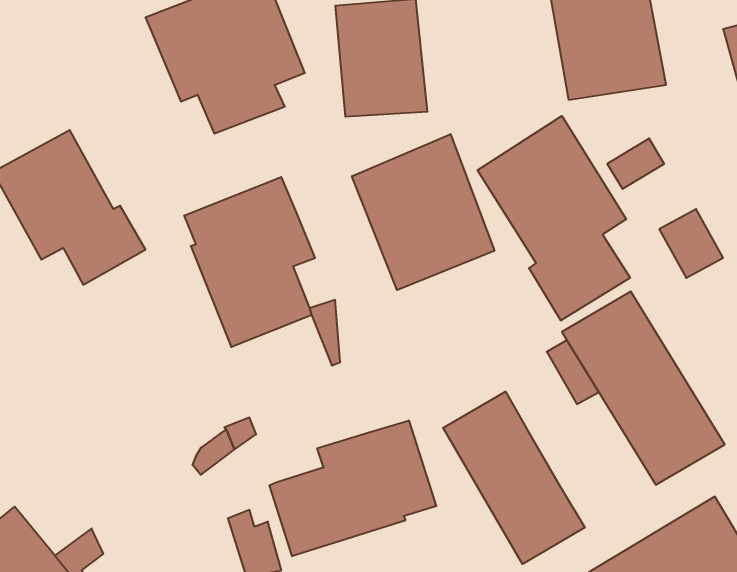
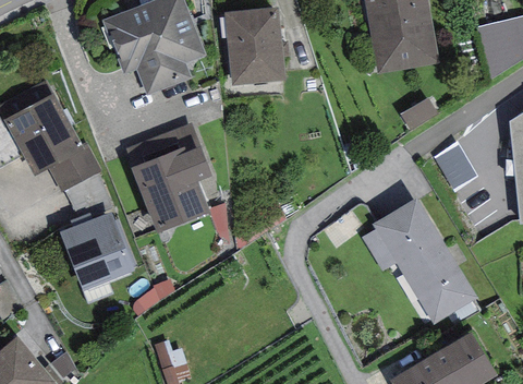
building: [478,116,630,321] -> none
building: [352,134,494,290] -> none
building: none -> [59,212,136,290]
building: [443,392,585,564] -> none
building: [270,420,436,556] -> none

